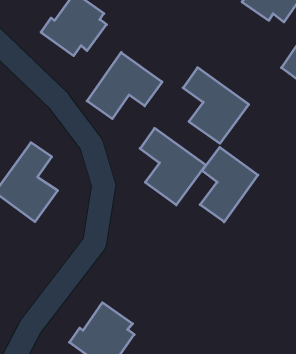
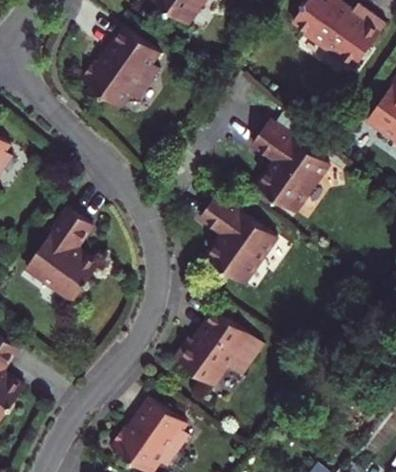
building: [87,52,162,119] -> none
building: [200,147,258,222] -> none
building: none -> [174,310,265,386]

